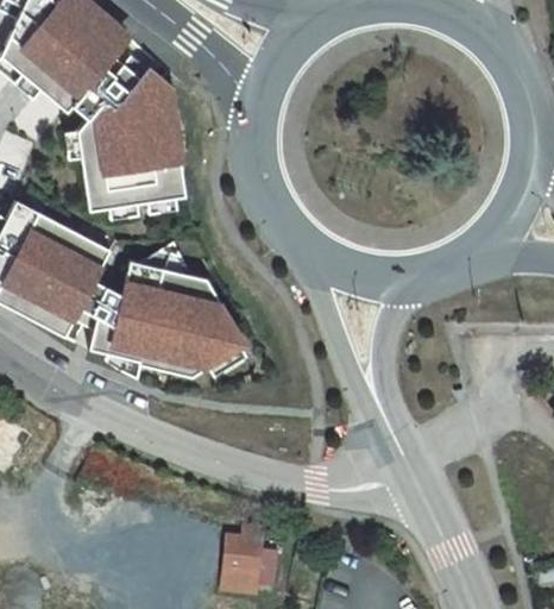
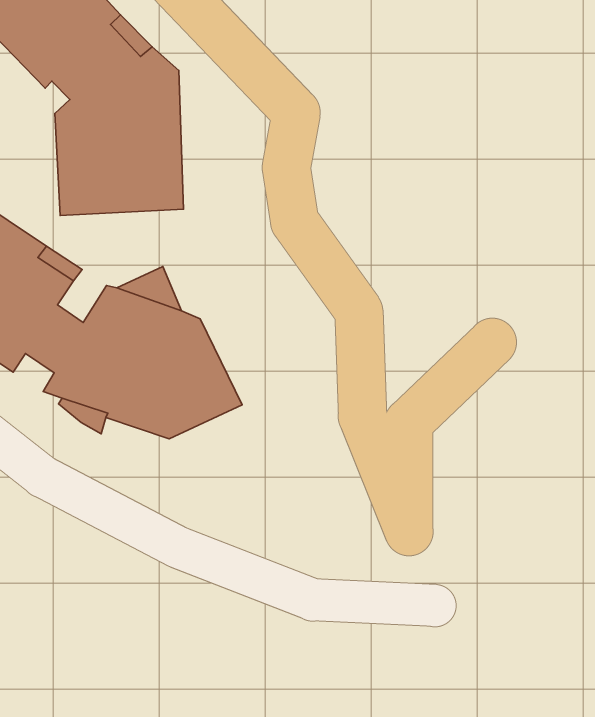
building: [226,536,265,575] -> none

